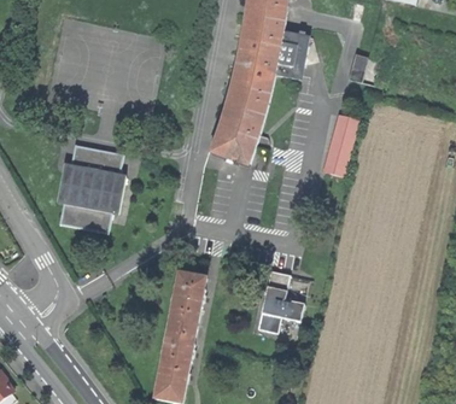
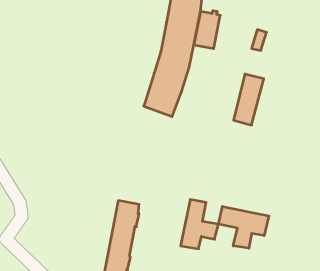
building: [58,145,125,232] -> none
building: none -> [218,206,269,248]

